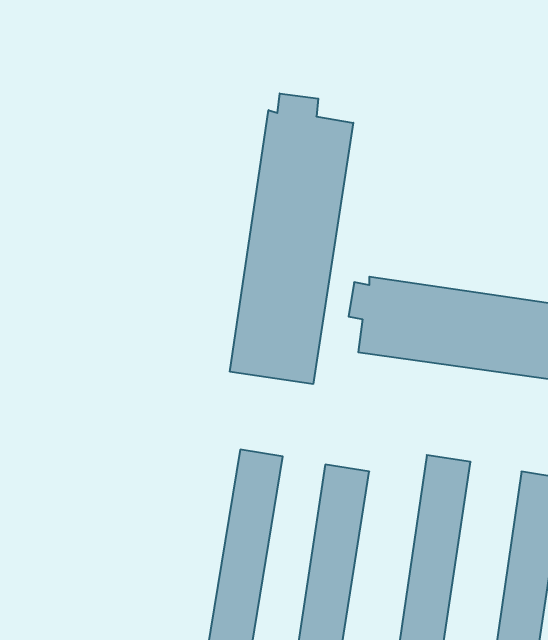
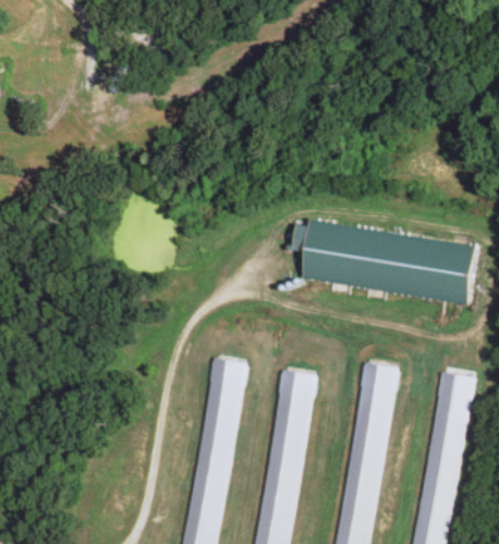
building: [230,93,353,384] -> none

